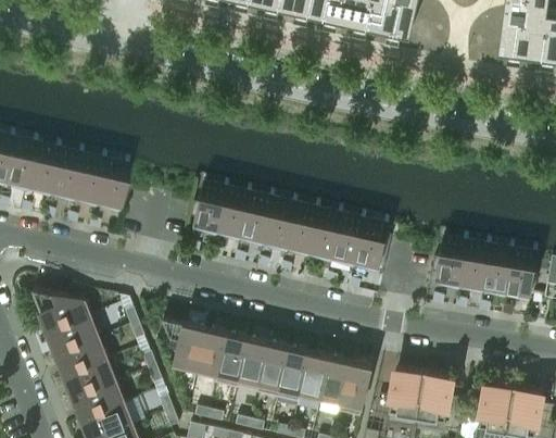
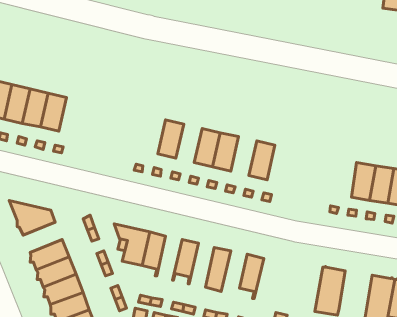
building: [94,159,128,207] -> none
building: [190,182,228,229] -> none
building: [241,192,274,240] -> none
building: [309,208,342,256] -> none
building: [355,218,389,267] -> none
building: [432,236,467,284] -> none
building: [50,315,99,353] -> none
building: [217,333,249,388] -> none
building: [257,341,289,397] -> none
building: [298,351,330,402] -> none
building: [339,361,371,416] -> none
building: [387,366,425,427] -> none

